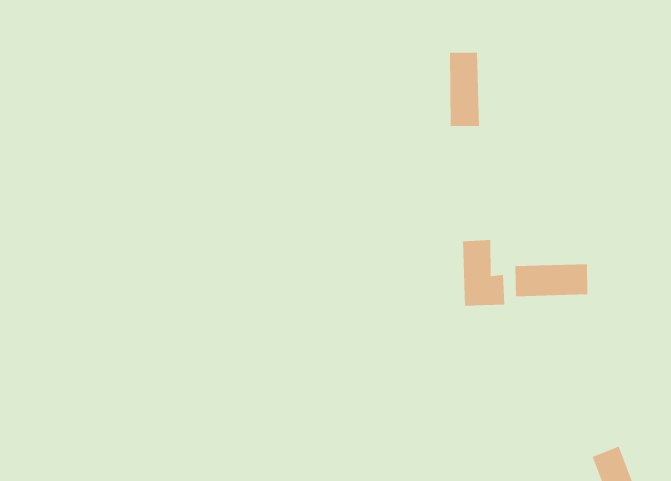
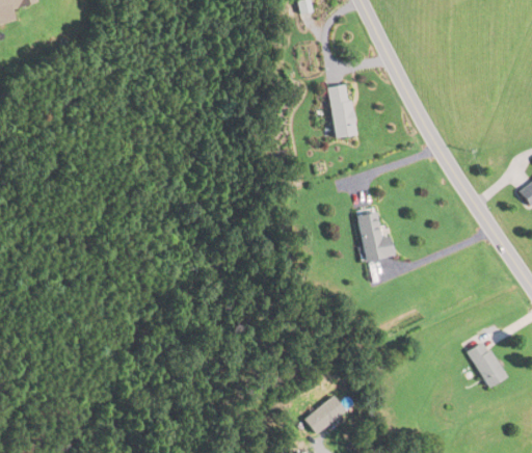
building: [515,263,588,297] -> none

